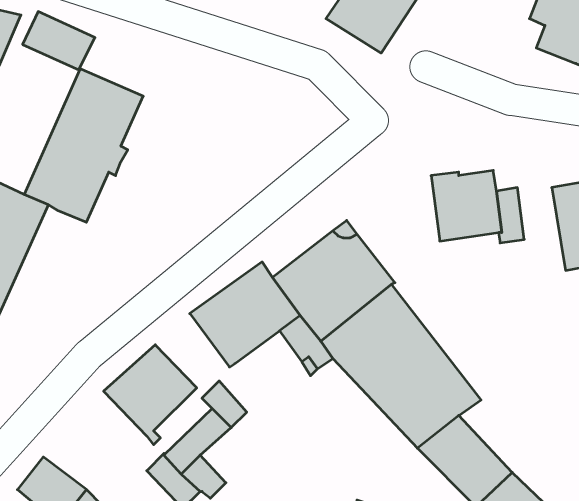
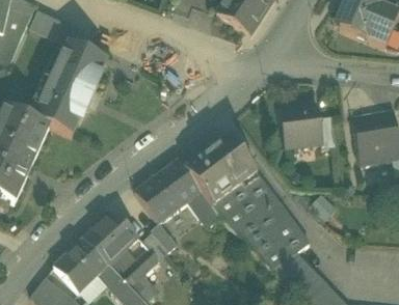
building: none -> [53,238,108,293]

